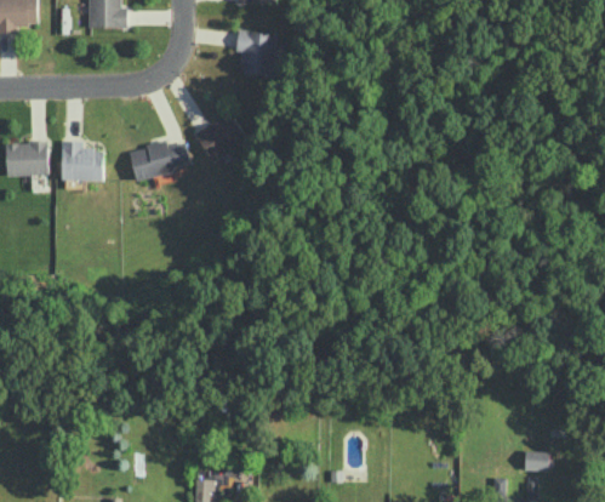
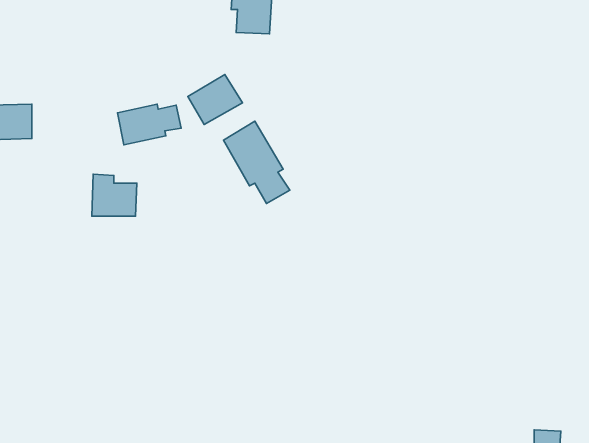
building: [61,141,103,181] -> [92,174,137,216]
building: none -> [223,121,290,203]

